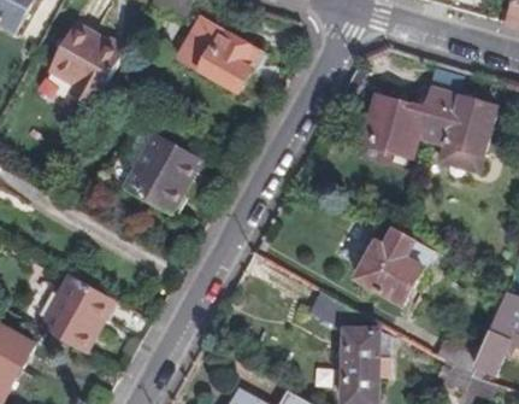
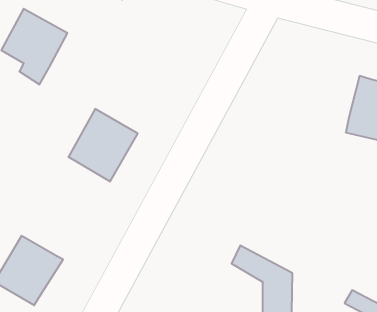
building: [184,22,267,89] -> none
building: [364,89,453,154] -> none
building: [355,228,421,303] -> none

